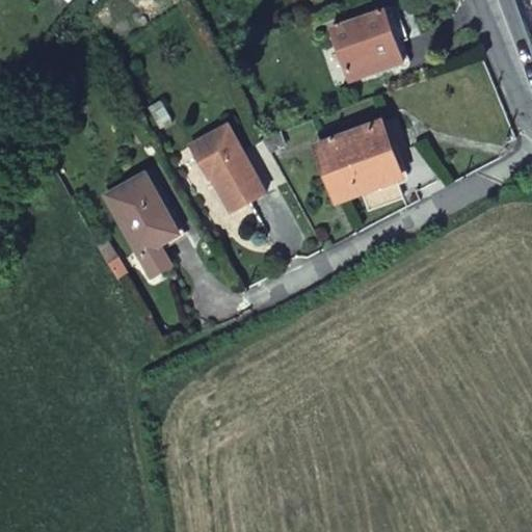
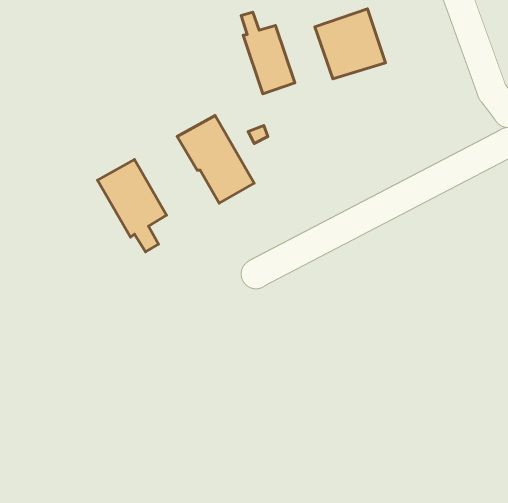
building: none -> [241,12,295,94]
building: [316,122,408,210] -> none

